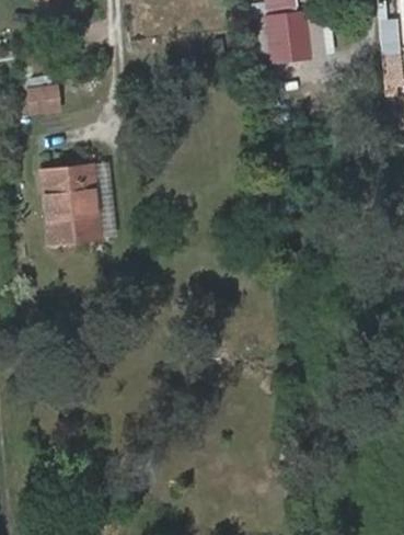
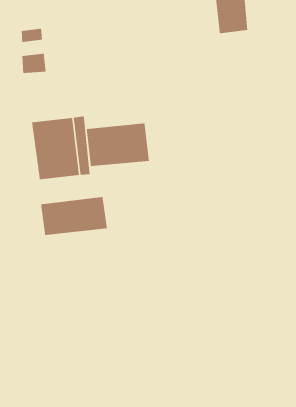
building: none -> [86,122,150,167]
building: none -> [40,196,108,236]

